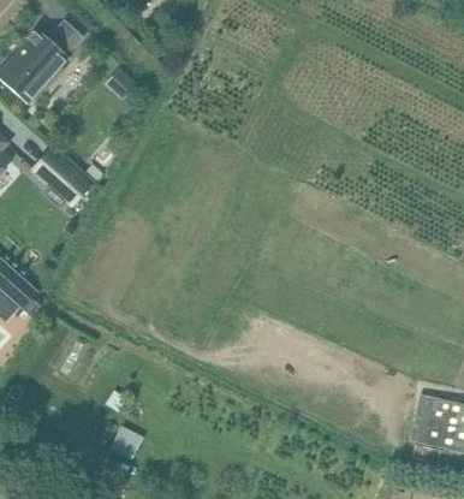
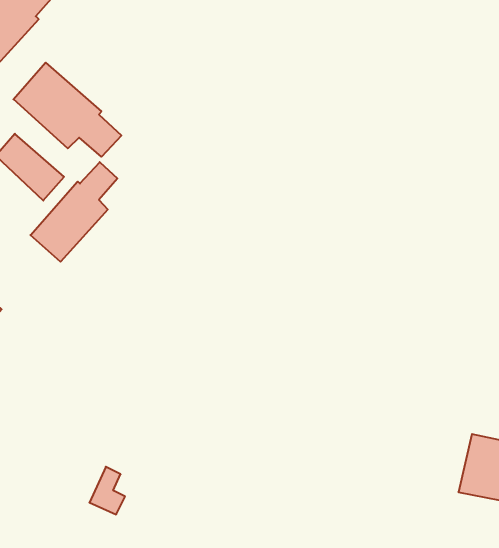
building: none -> [13,63,121,157]
building: none -> [30,162,117,262]

